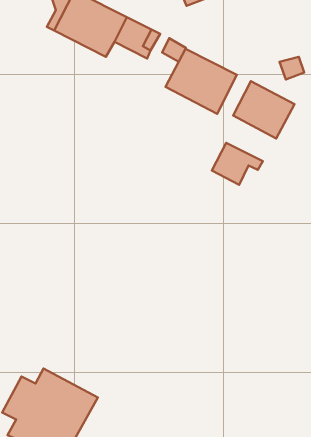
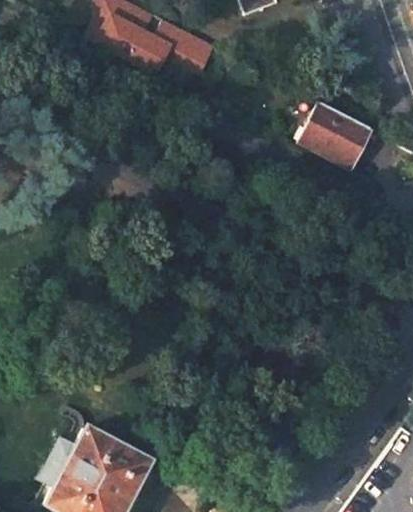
building: [166,49,237,114] -> none
building: [212,143,263,185] -> none

